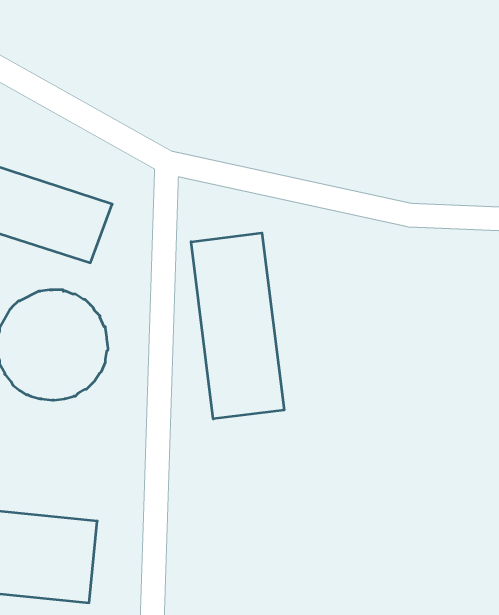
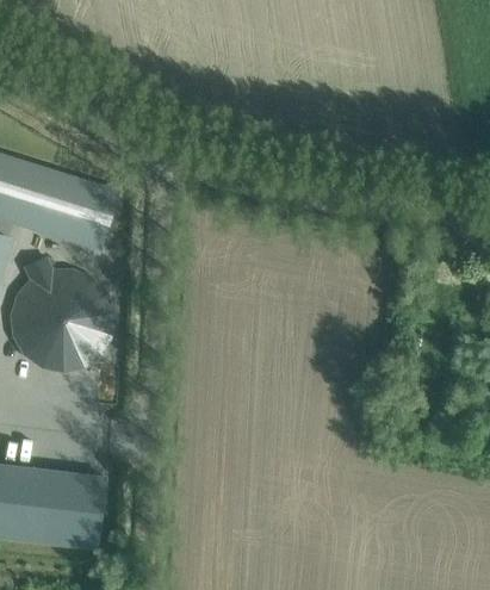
building: [191,233,284,419] -> none

